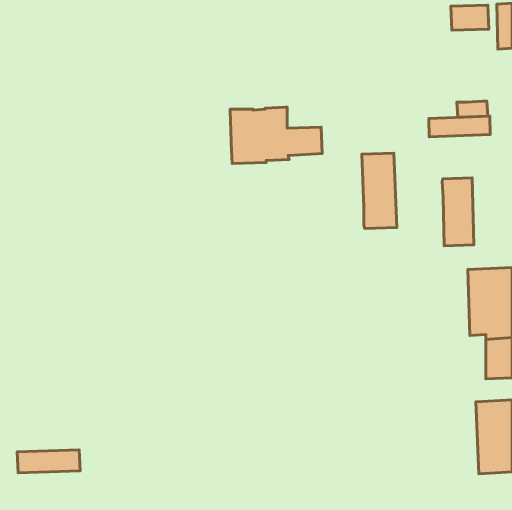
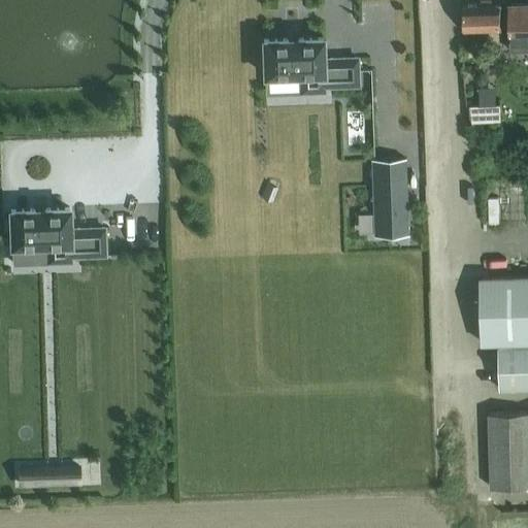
building: [230,107,322,163] -> [264,39,359,97]
building: [429,116,490,137] -> none
building: [442,178,474,246] -> none
building: none -> [11,209,106,265]

